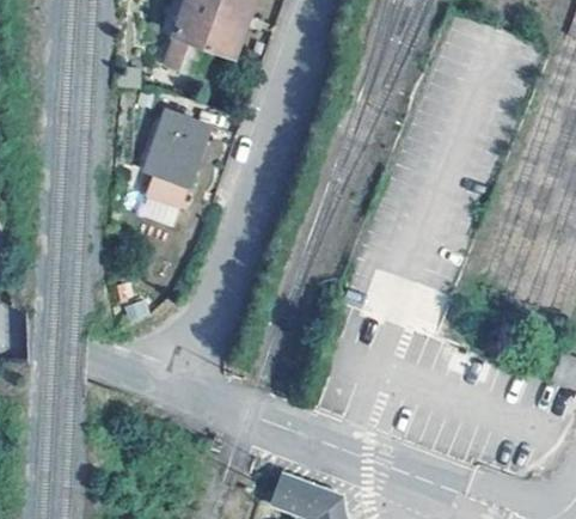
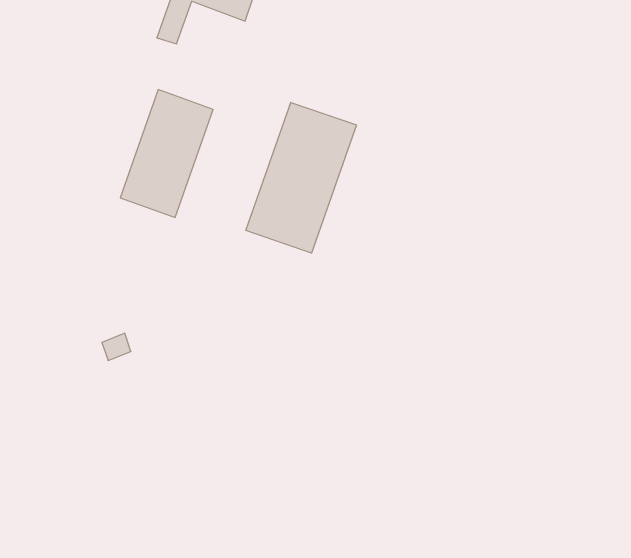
building: none -> [246,102,357,253]

